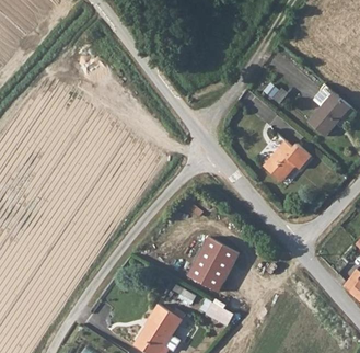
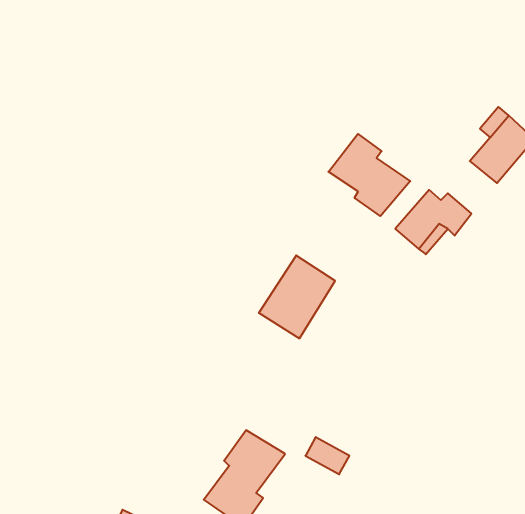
building: none -> [328,134,410,216]
building: [187,236,236,289] -> [259,255,335,338]

